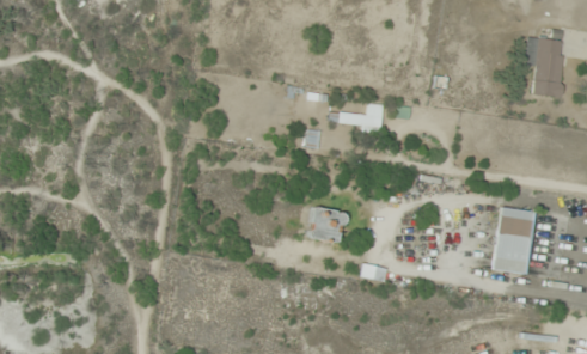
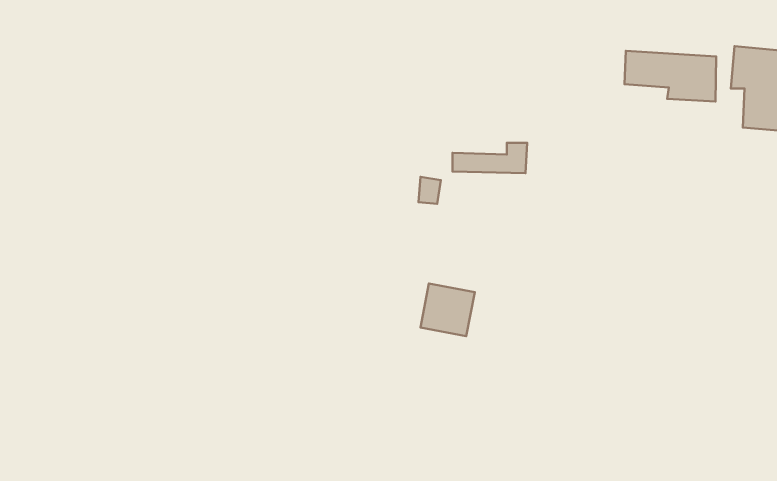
building: none -> [625,51,716,101]
building: [494,207,532,273] -> none

